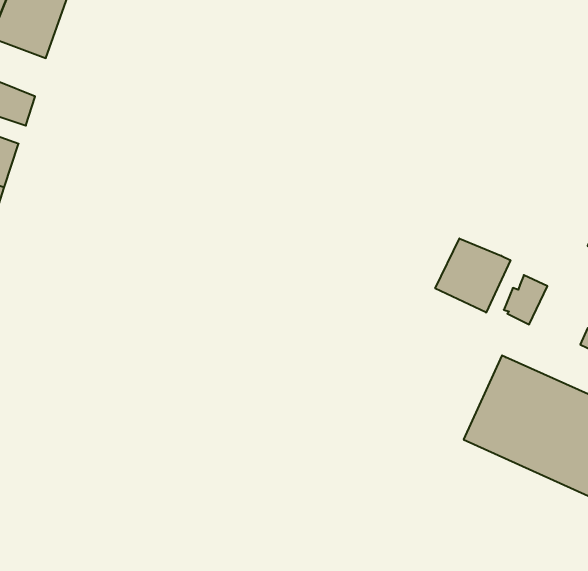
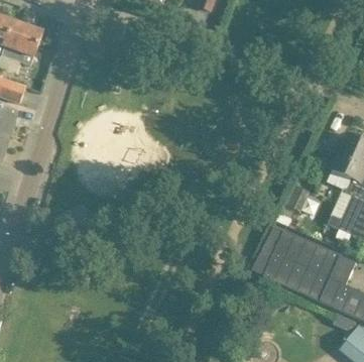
building: [435,238,510,313] -> none

